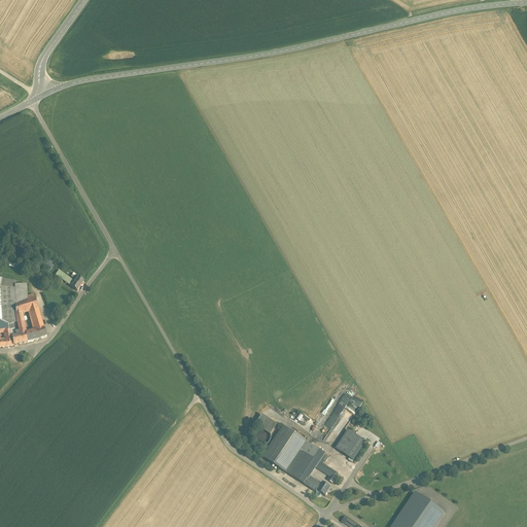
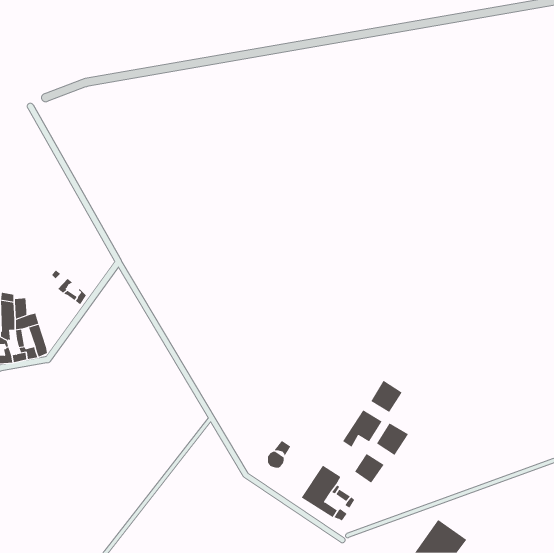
building: none -> [370,380,403,413]
building: none -> [376,422,409,456]
building: [262,425,306,471] -> none

